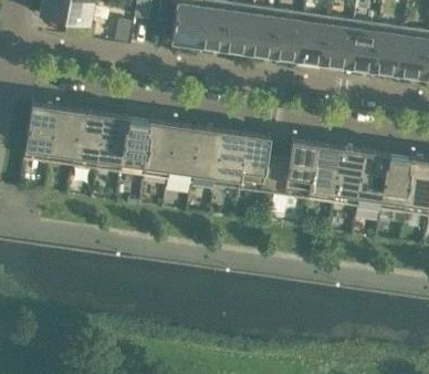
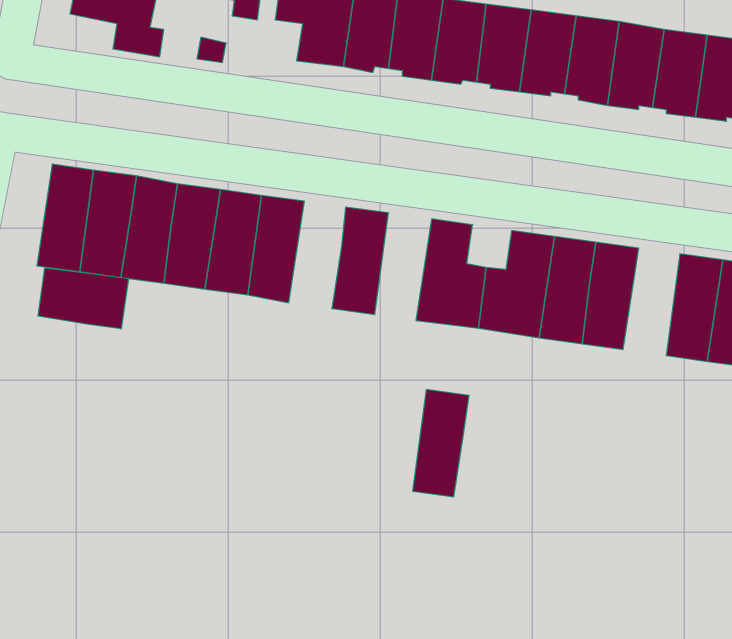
building: [166,122,198,183] -> none
building: [214,128,247,189] -> [413,390,469,497]
building: [355,148,387,209] -> none
building: none -> [38,268,128,329]

